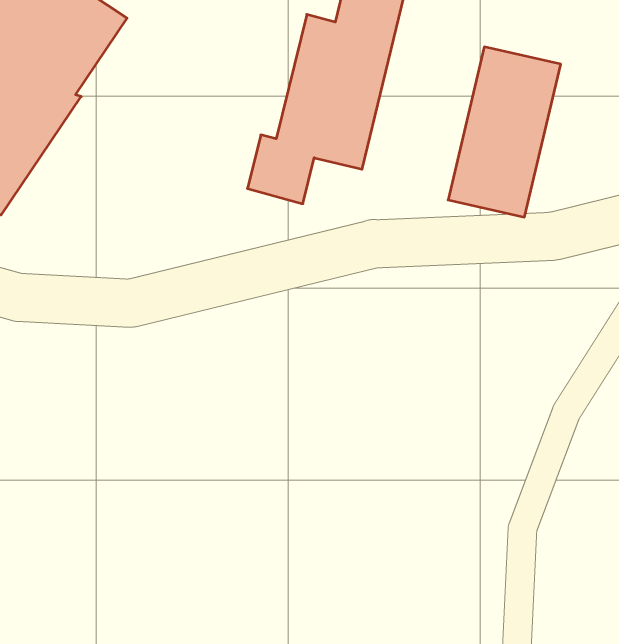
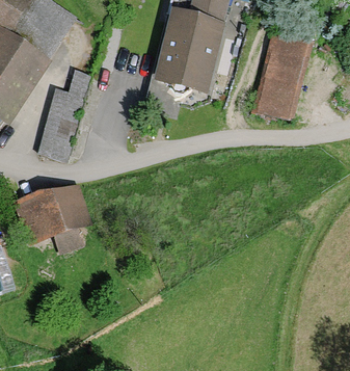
building: none -> [37,68,91,159]
building: none -> [17,186,88,251]

